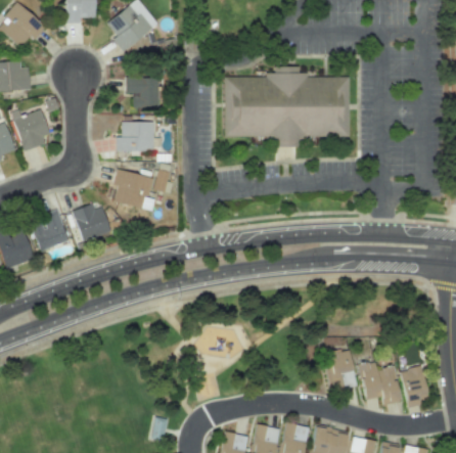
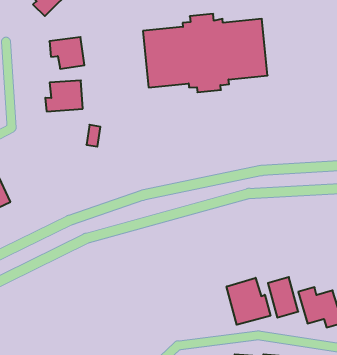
building: [112,169,155,211] -> none
building: [73,203,110,240] -> none
building: none -> [227,278,270,325]

